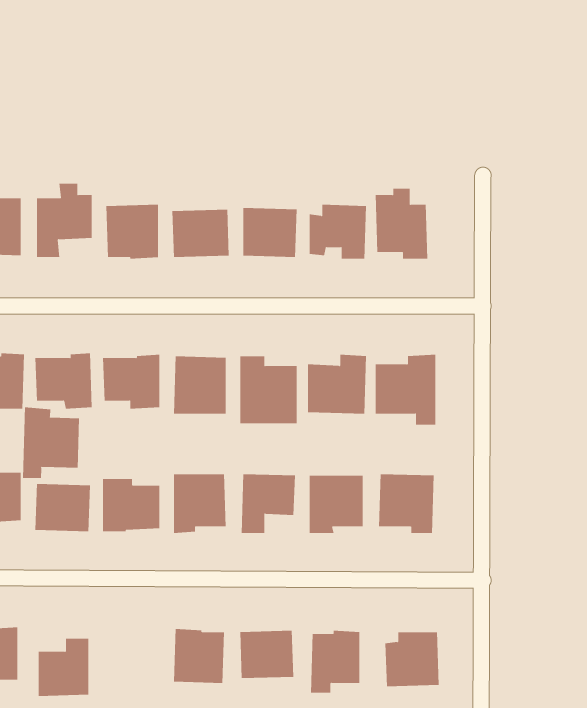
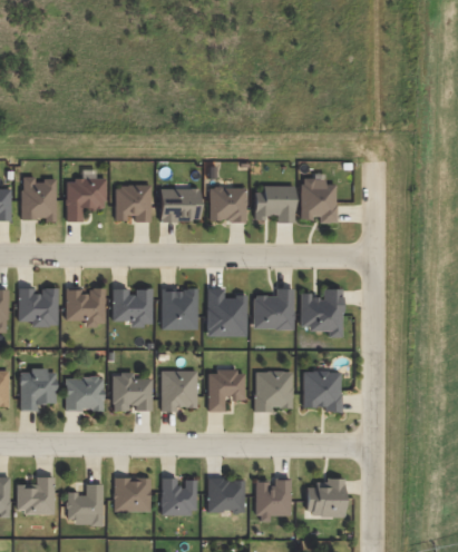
building: [22,406,80,479] -> none
building: none -> [114,477,150,512]

